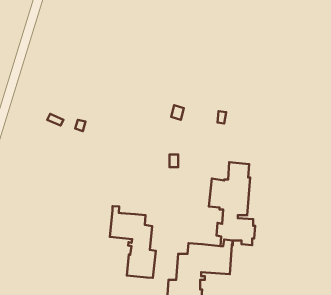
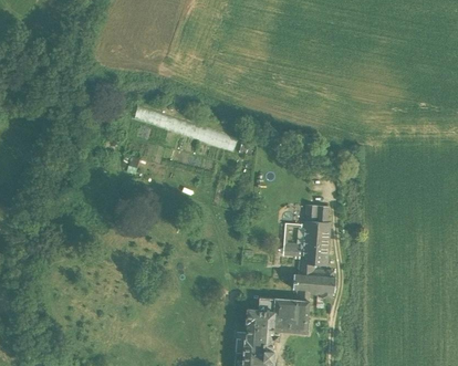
building: [110,206,156,278] -> none

